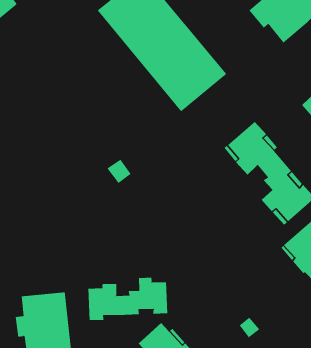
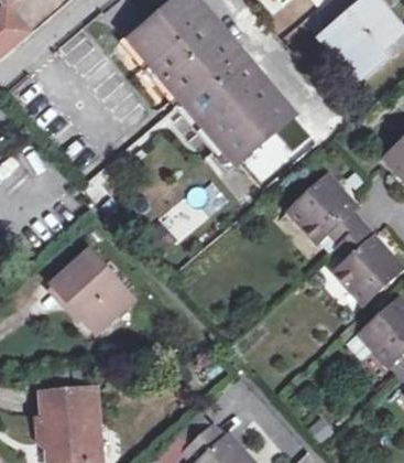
building: none -> [52,247,131,327]
building: [88,277,168,321] -> none

